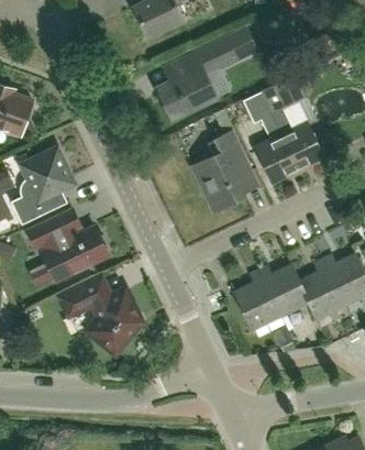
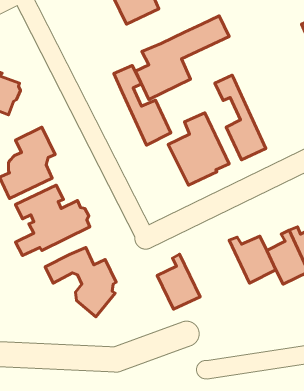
building: [263,85,324,171] -> [114,66,171,145]
building: [234,270,280,329] -> [157,254,200,309]

